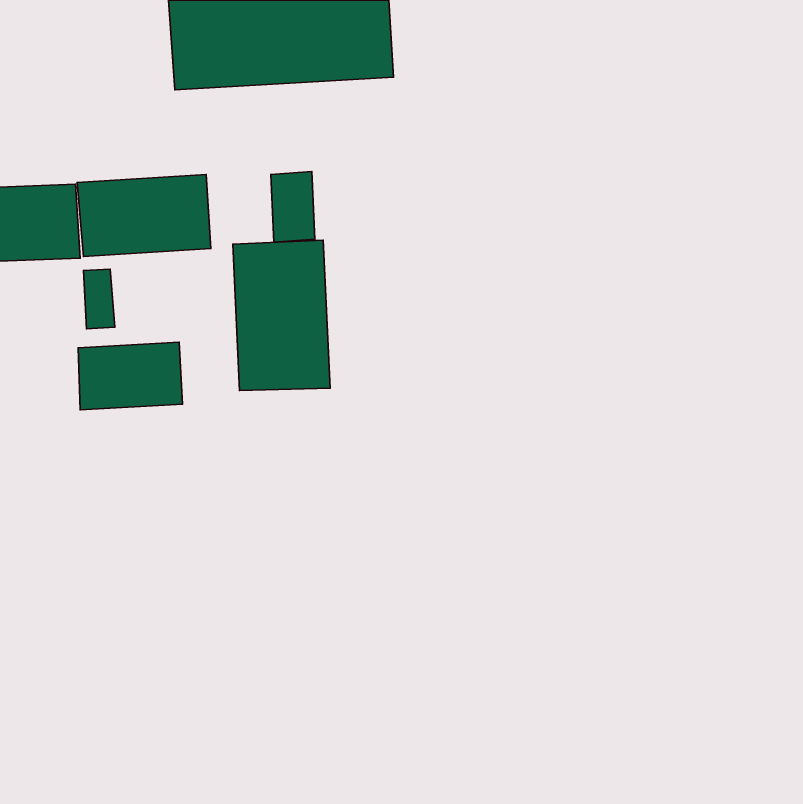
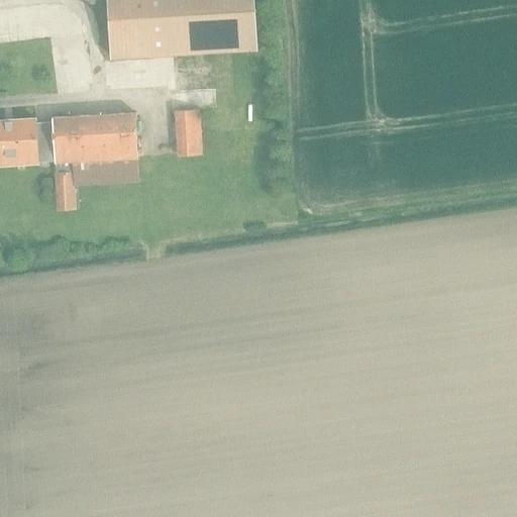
building: [233,240,330,390] -> none
building: [78,342,183,410] -> none

